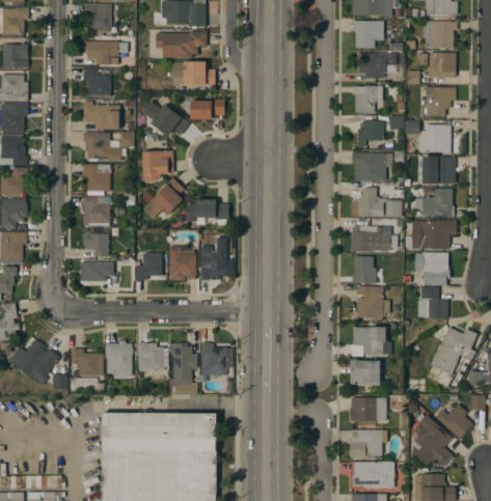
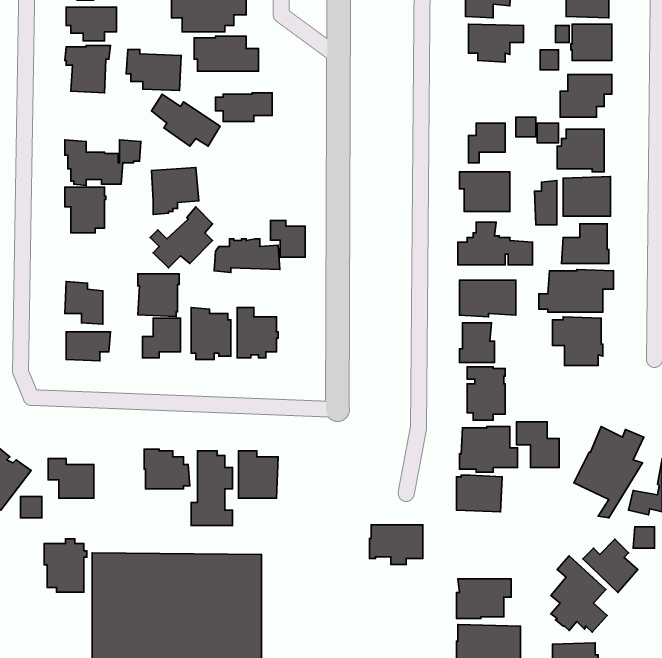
building: [353,86,382,113] -> none
building: [83,102,120,130] -> [126,49,181,91]
building: none -> [535,181,557,225]
building: none -> [271,220,305,257]
building: [83,197,111,226] -> [138,274,179,316]
building: [418,287,447,318] -> [517,422,559,468]
building: [105,340,134,377] -> [44,539,87,592]
building: [350,398,386,425] -> [370,525,423,565]

